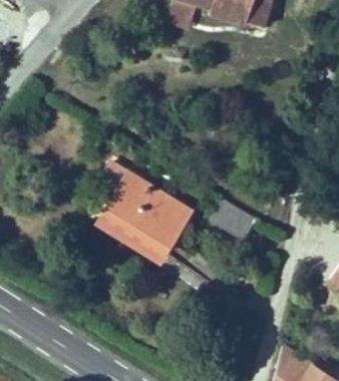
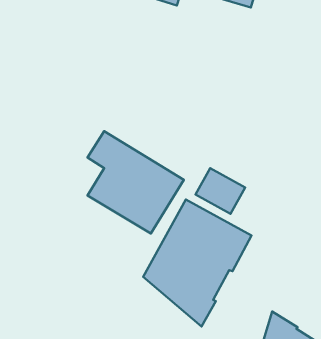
building: none -> [143,200,252,327]

